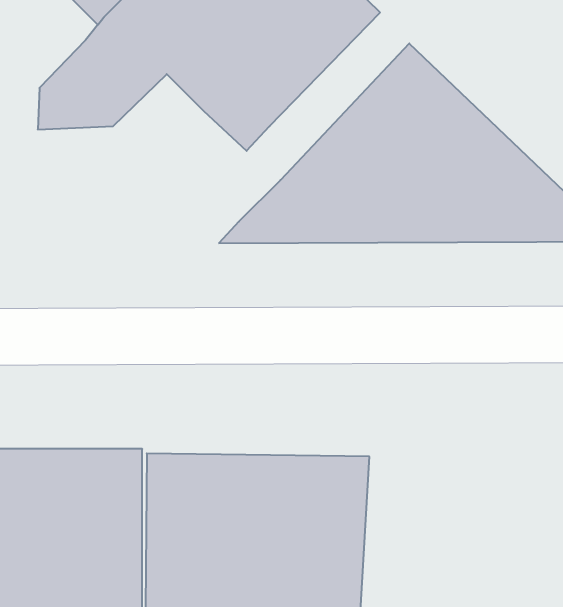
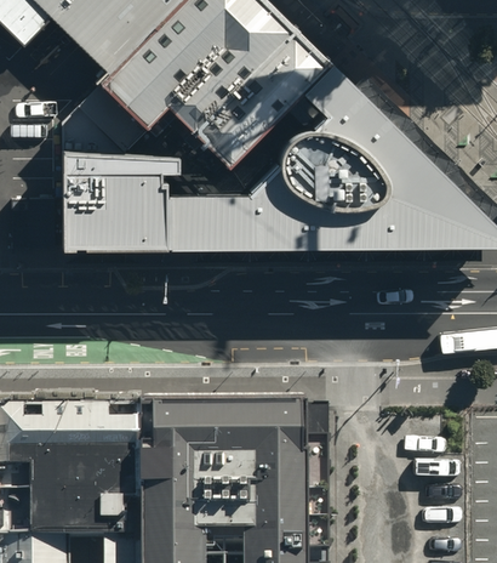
building: none -> [59,152,218,245]

